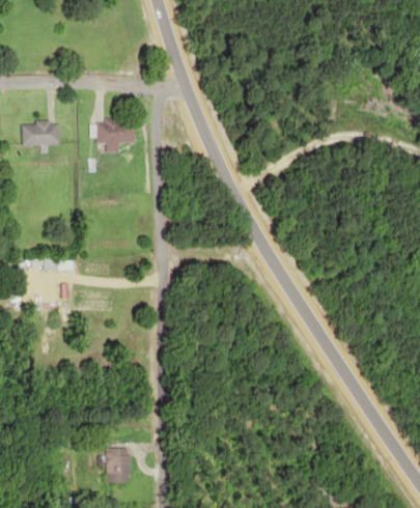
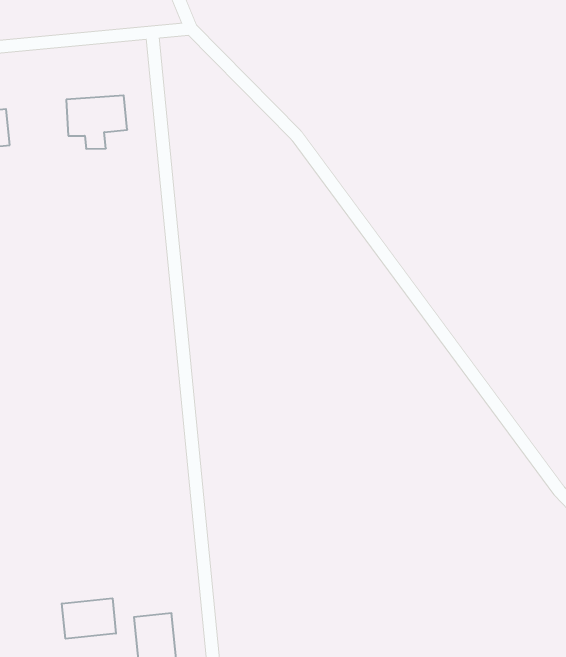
building: none -> [62,598,116,639]

